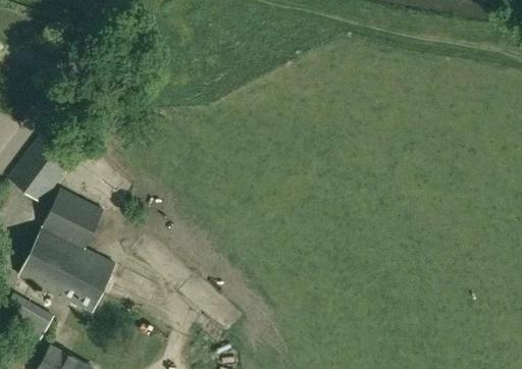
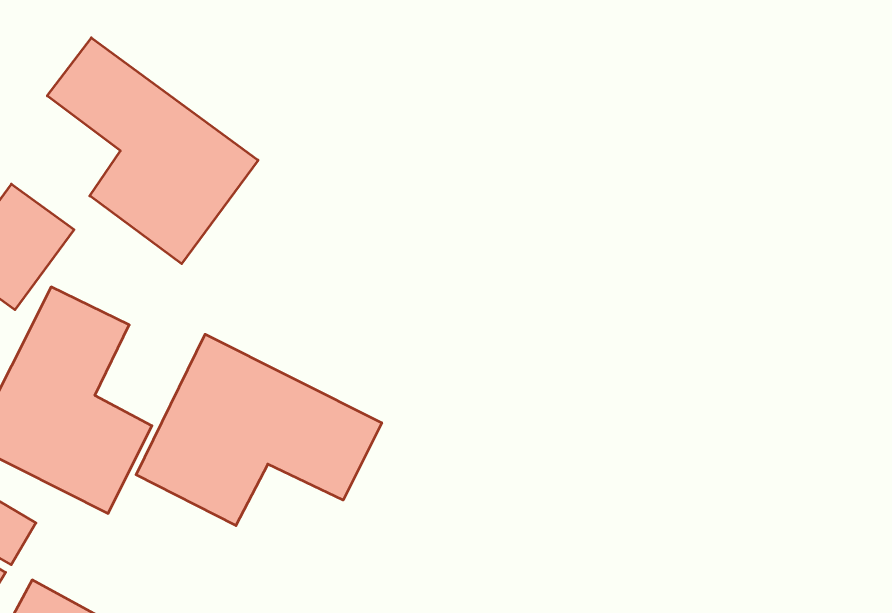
building: none -> [47,38,258,264]
building: none -> [136,334,382,526]

